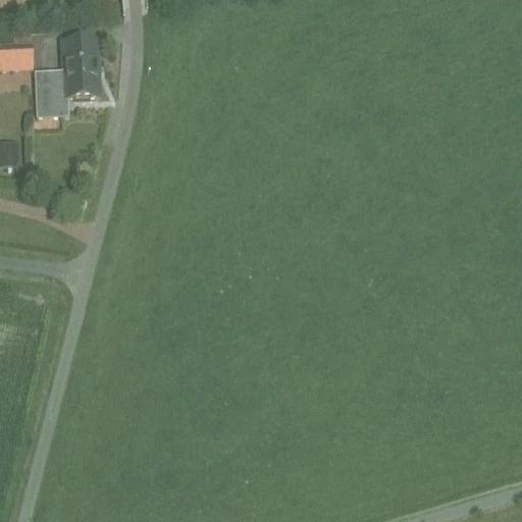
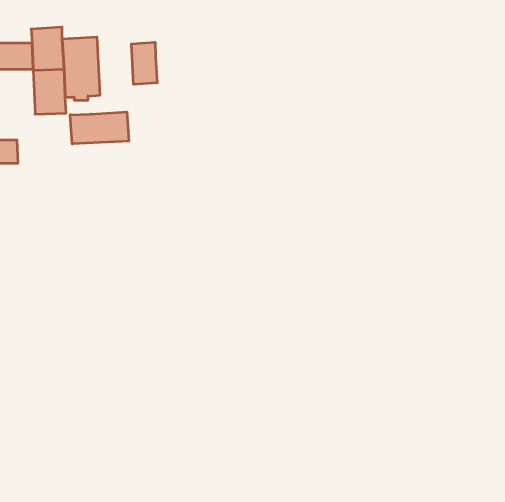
building: none -> [131,42,157,84]
building: none -> [70,112,129,144]

